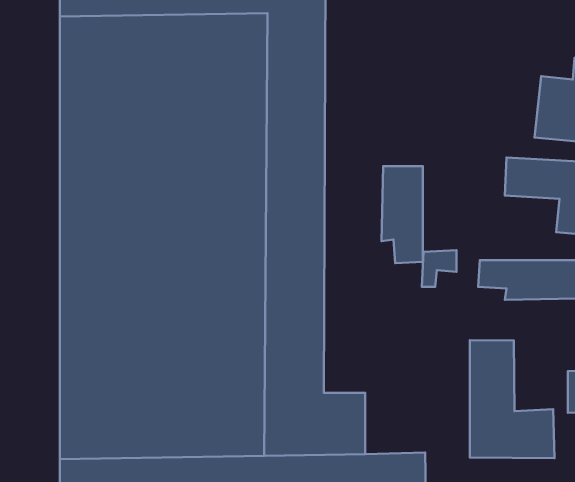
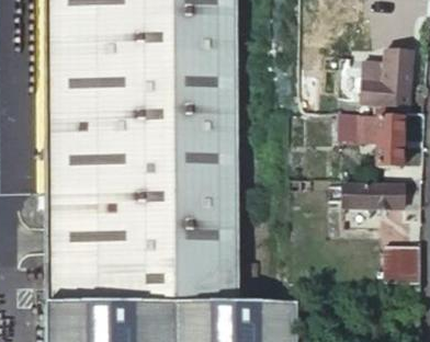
building: [381,166,423,263] -> none
building: [470,340,554,458] -> none

